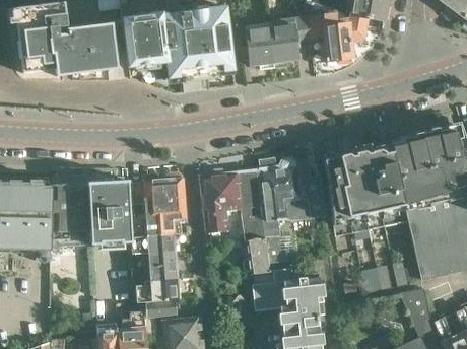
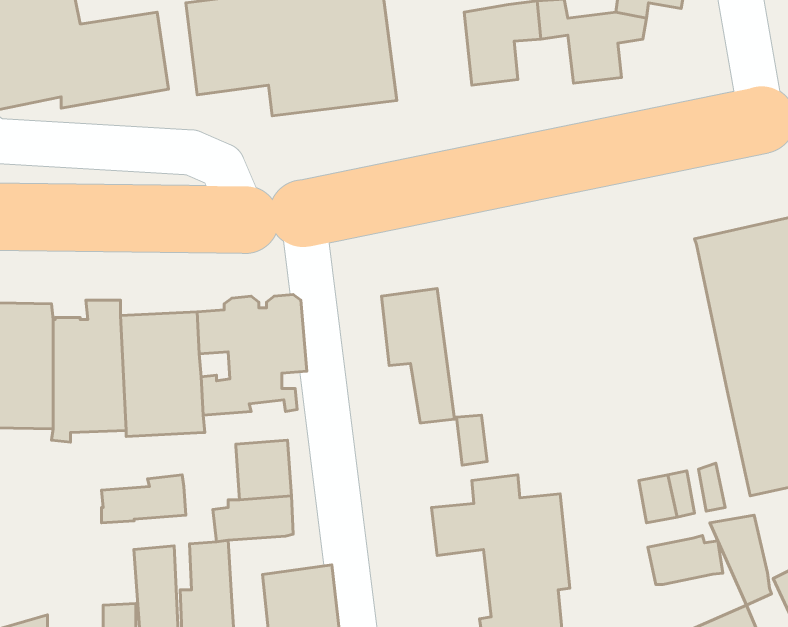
building: [242,23,273,65] -> none
building: [324,146,408,236] -> none
building: [260,158,319,221] -> none
building: [198,173,230,232] -> none
building: [131,228,176,254] -> [101,475,186,523]
building: [243,238,269,274] -> none
building: none -> [648,535,723,584]
building: [144,300,177,335] -> none

